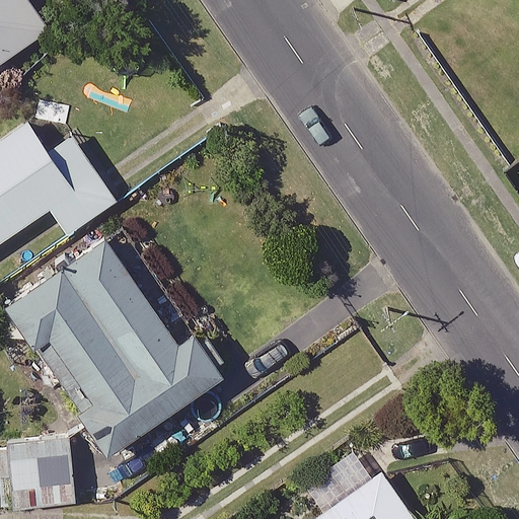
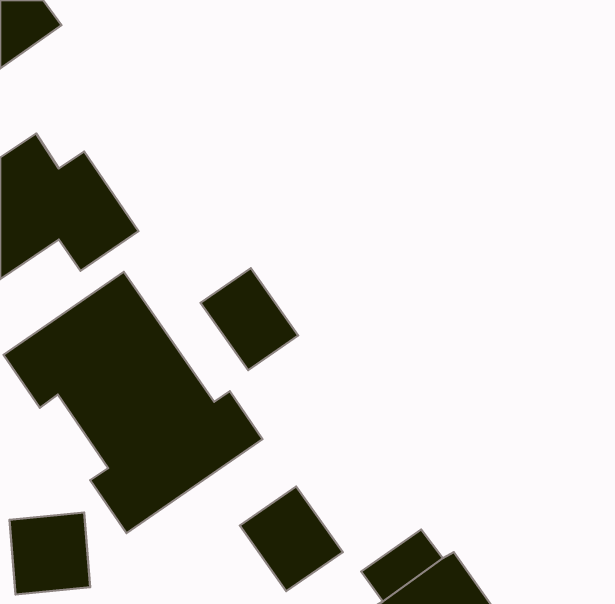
building: none -> [201,268,298,370]
building: none -> [240,487,343,591]

